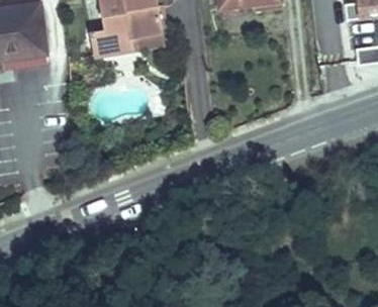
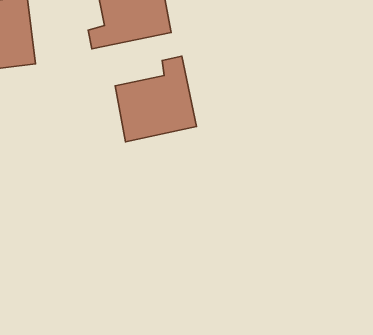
building: none -> [115,56,196,142]

